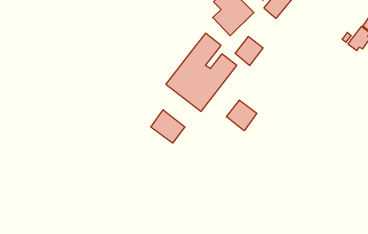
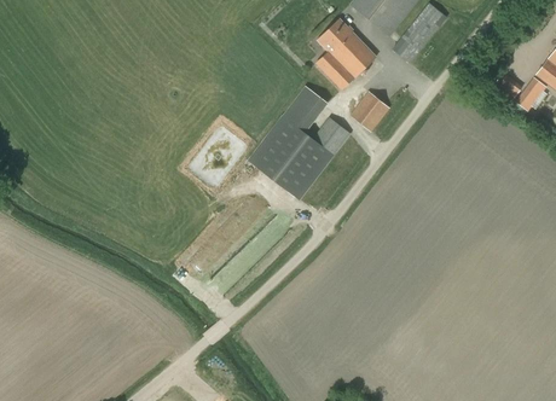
building: [226,100,257,131] -> none
building: [151,110,185,143] -> none

